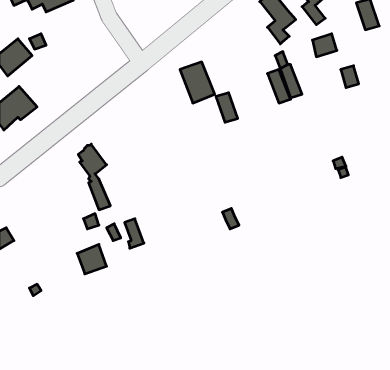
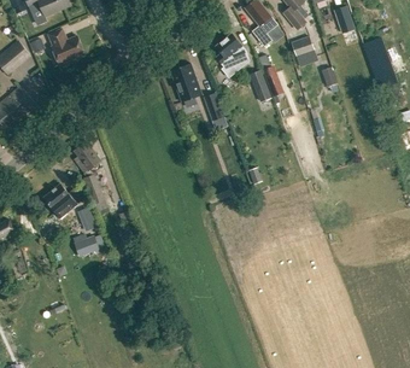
building: none -> [47,28,83,64]
building: none -> [215,33,248,76]
building: none -> [42,182,81,217]

